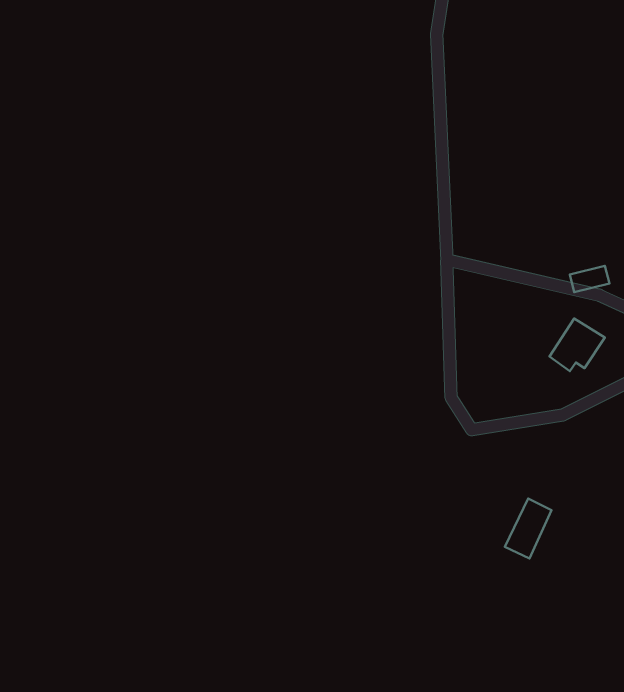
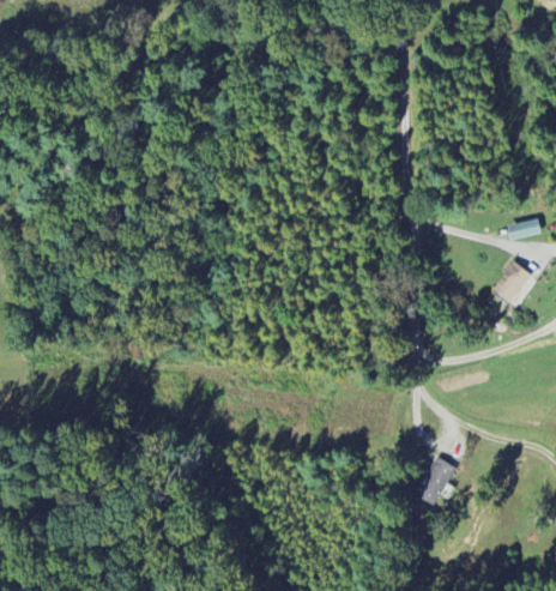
building: [505,498,552,558] -> [417,457,455,506]

